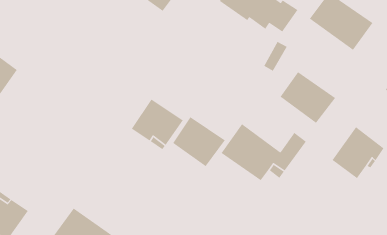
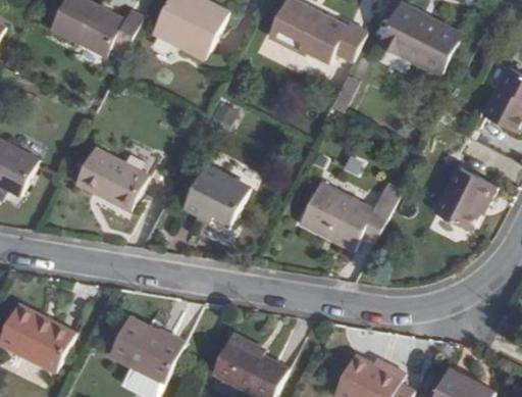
building: none -> [72,149,144,213]
building: [280,71,336,124] -> none
building: [172,116,226,167] -> none

